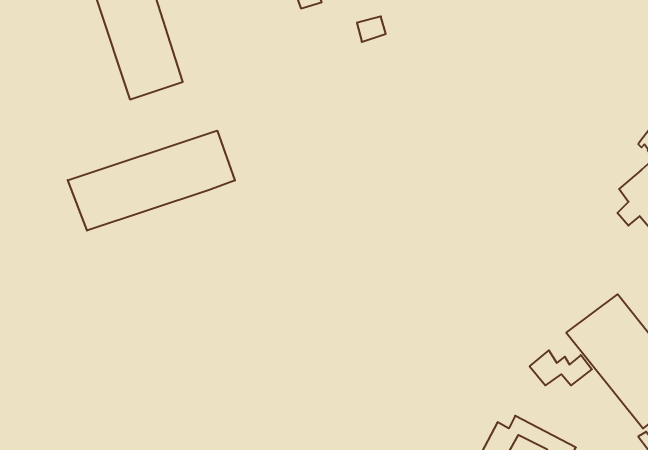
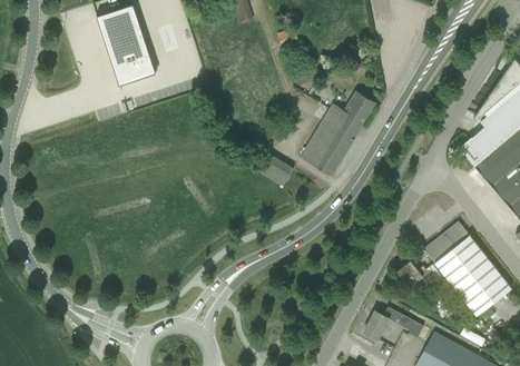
building: none -> [301,92,375,177]
building: [68,131,235,231] -> none
building: none -> [259,156,292,185]

